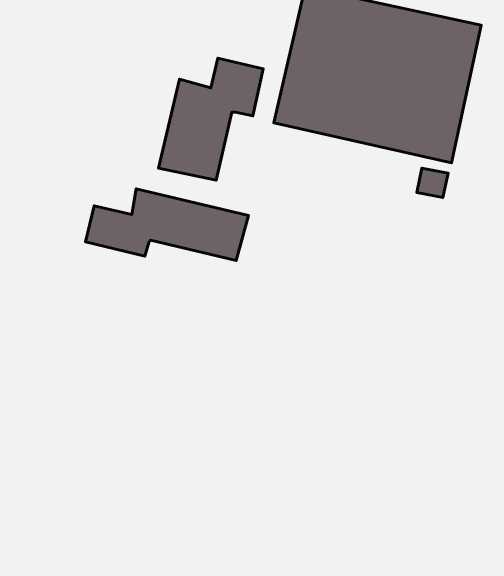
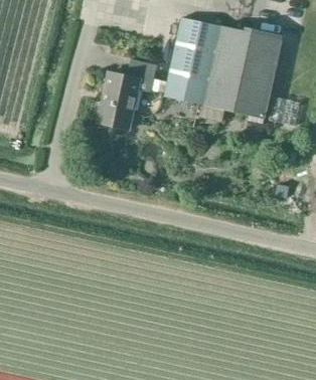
building: [86,189,249,261] -> none

